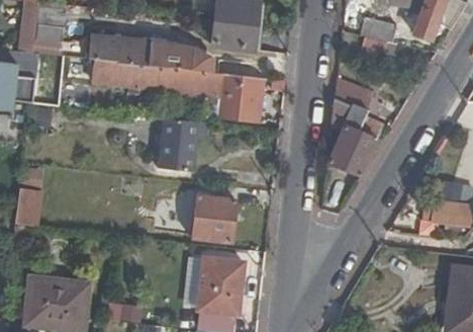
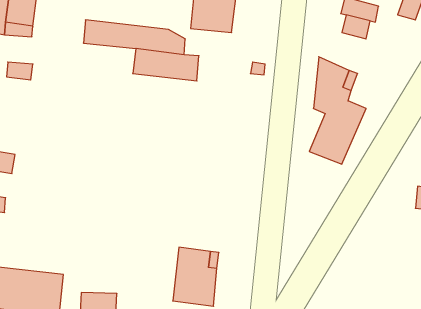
building: [93,59,161,90] -> none
building: [217,73,262,122] -> none
building: [161,118,209,172] -> none
building: [191,195,234,243] -> none

